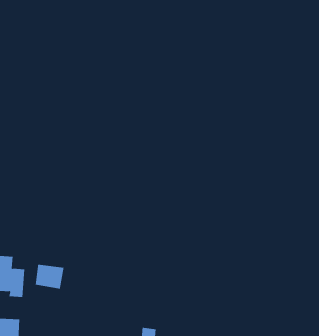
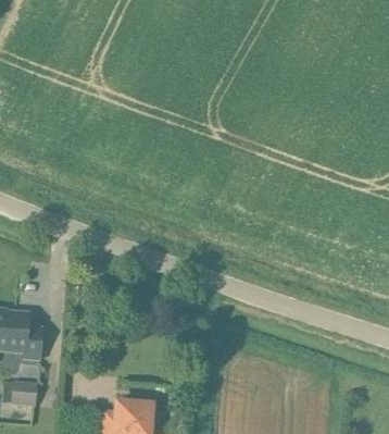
building: [35,264,64,289] -> none

